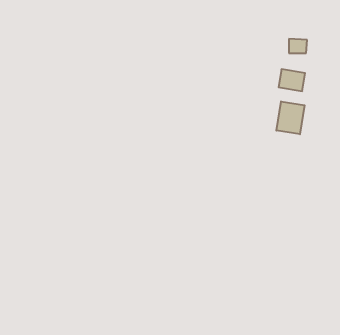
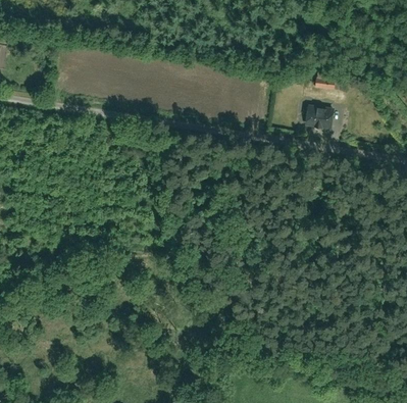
building: [276,101,305,134] -> none

